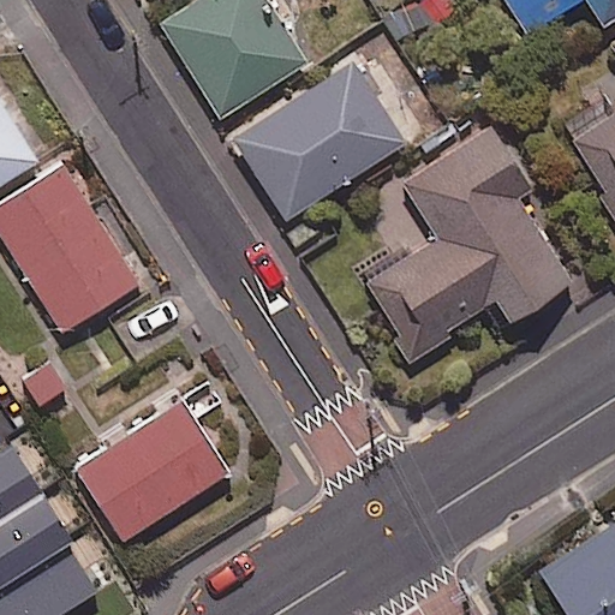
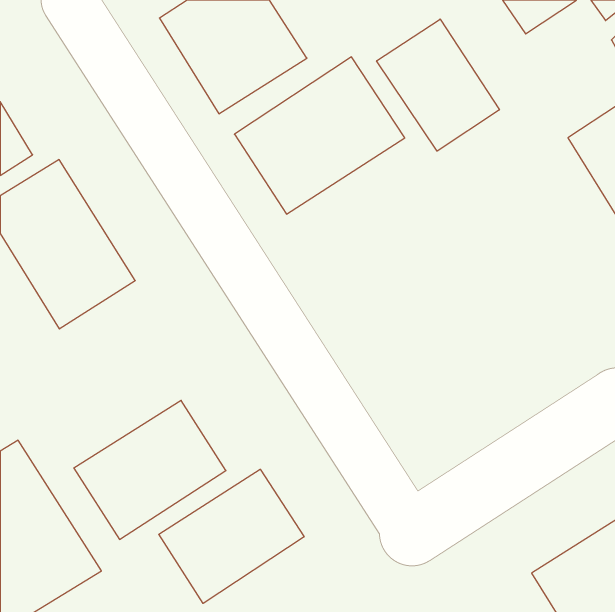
building: none -> [377,19,499,151]
building: [365,126,571,362] -> none
building: none -> [159,469,304,603]

